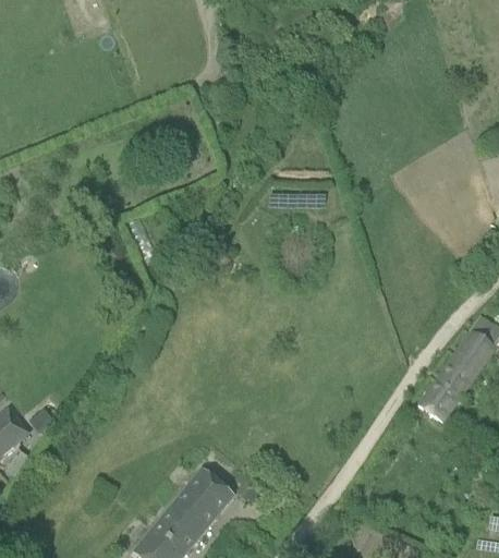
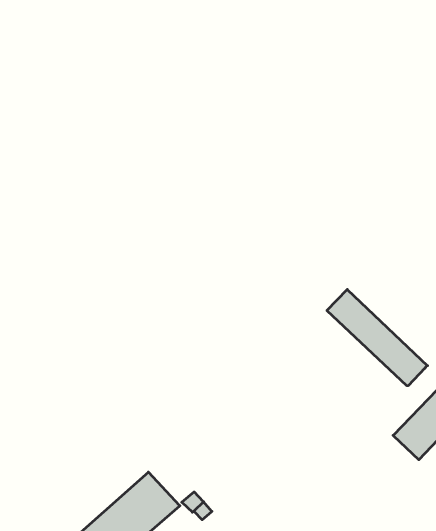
building: none -> [327,289,428,386]

